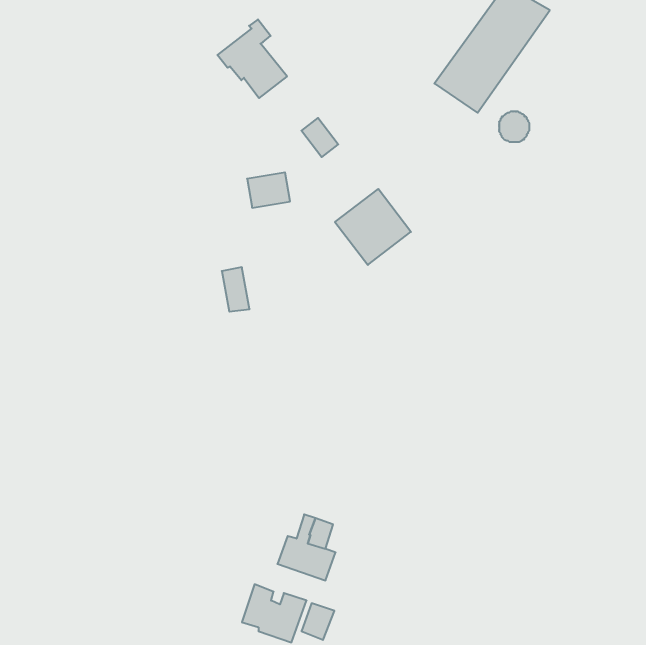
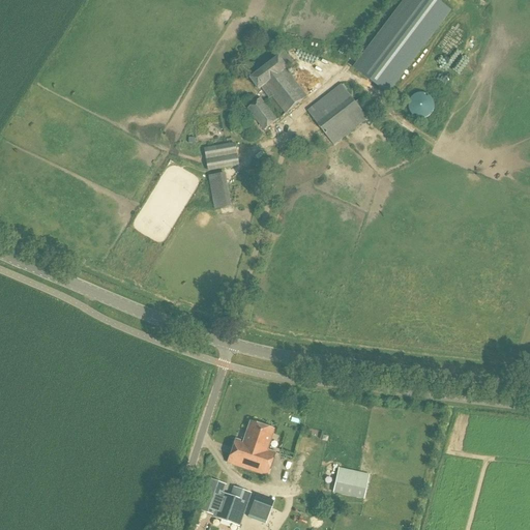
building: [217,19,287,98] -> [249,48,306,112]
building: [335,189,411,265] -> [305,82,367,144]
building: [222,267,250,312] -> [207,171,230,207]
building: none -> [331,466,367,498]

